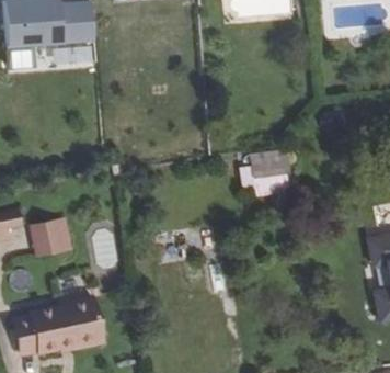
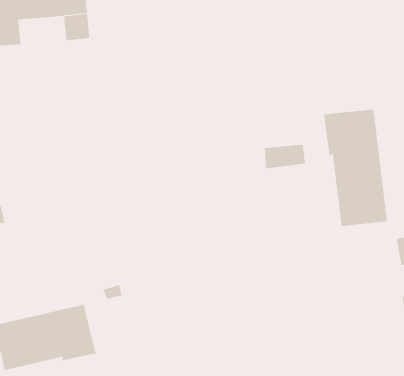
building: none -> [324,109,387,227]
building: [28,219,66,258] -> none

